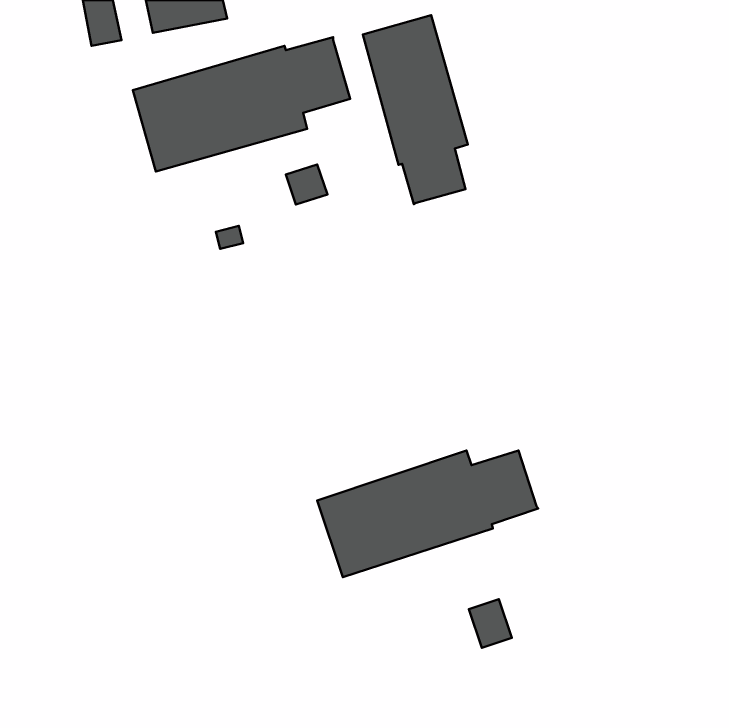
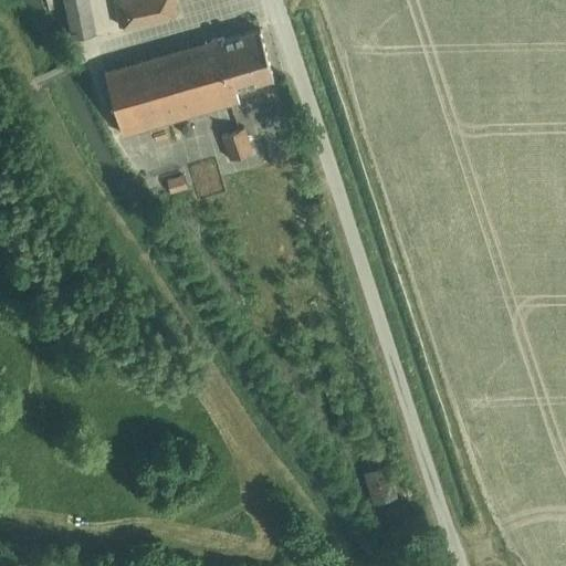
building: [363,15,468,204] -> none
building: [317,451,538,577] -> none

